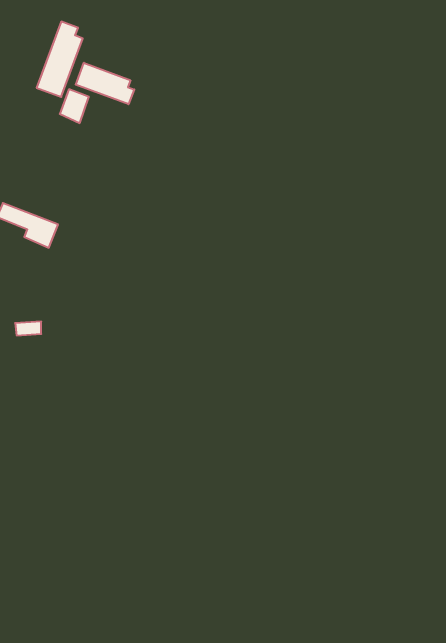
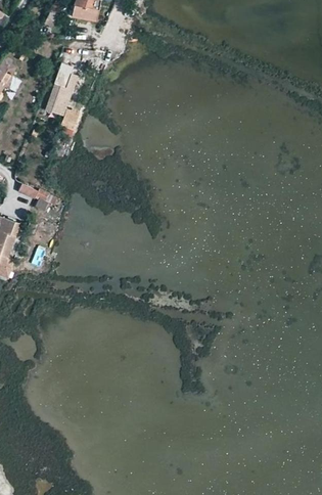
building: [76,63,134,104] -> none

